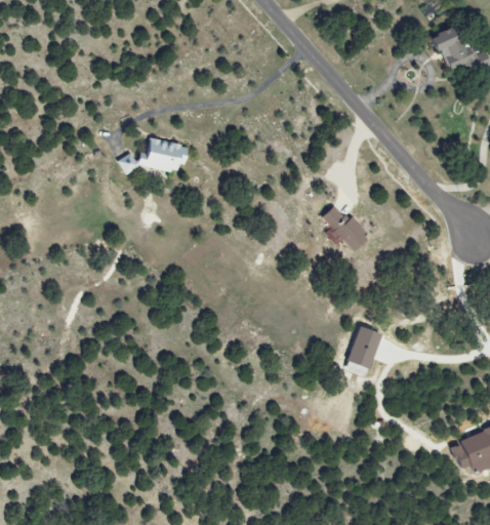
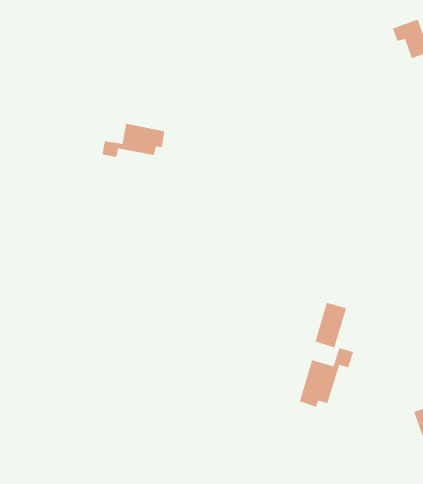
building: [321,203,369,251] -> none
building: none -> [299,347,354,408]

